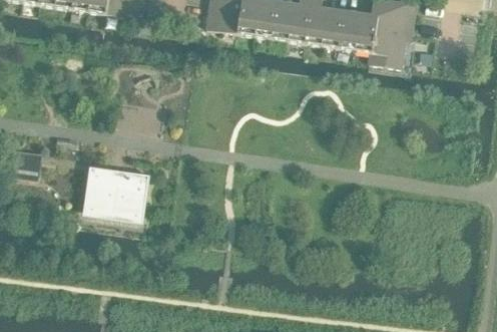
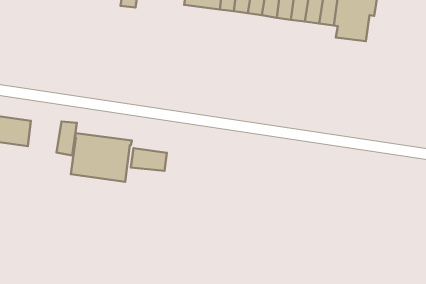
building: none -> [56,121,77,155]
building: none -> [131,148,167,171]

